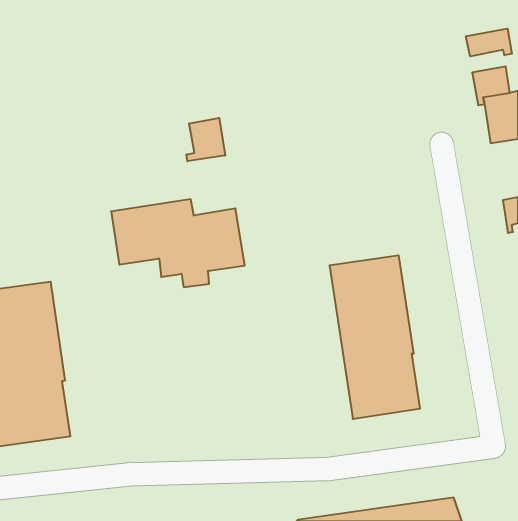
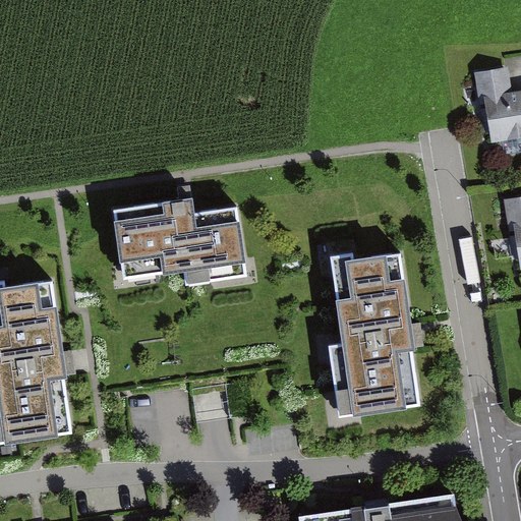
building: [466,29,512,56] -> none
building: [186,118,225,161] -> none

